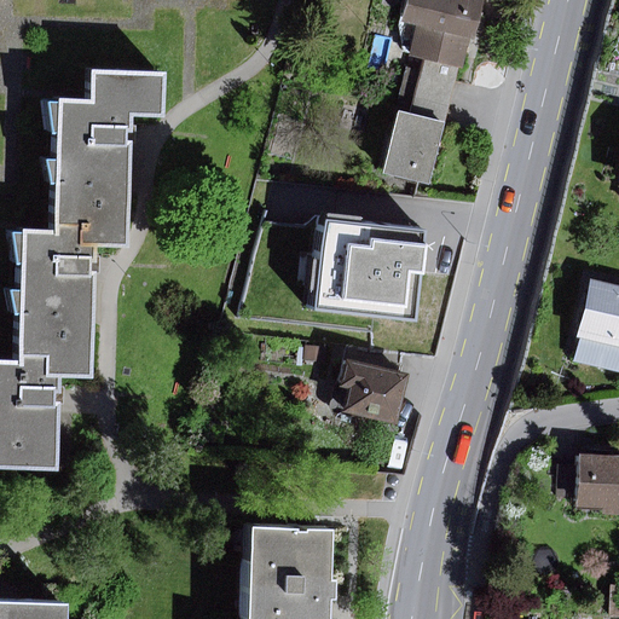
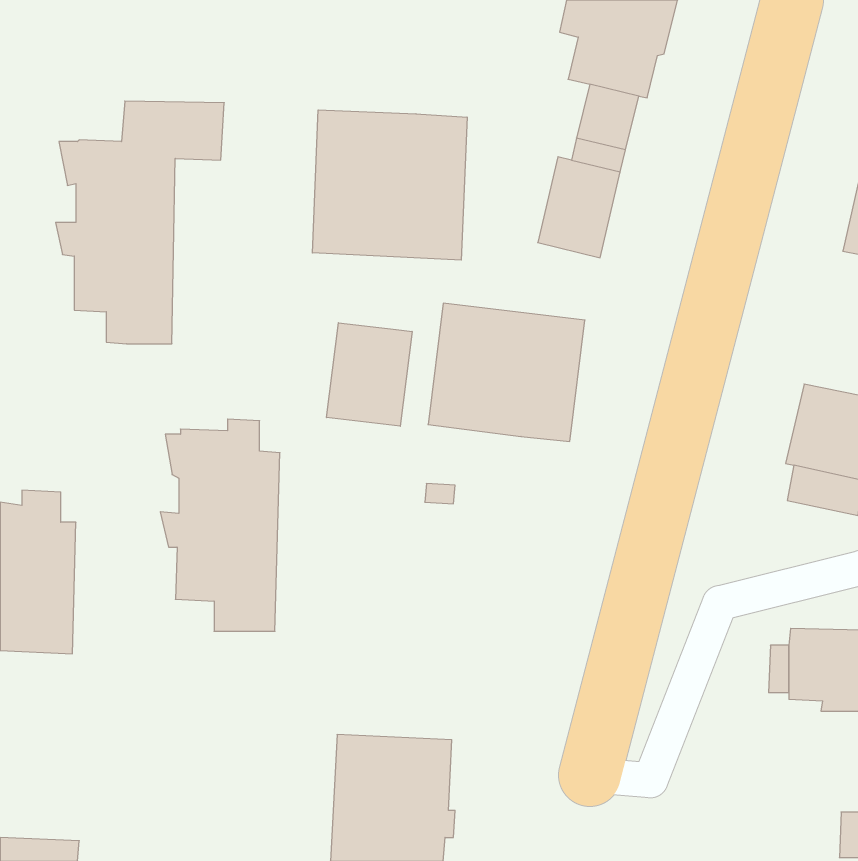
building: none -> [312,110,467,260]
building: [7,222,93,375] -> [160,419,280,631]
building: none -> [327,323,412,426]
building: [345,361,412,426] -> none

